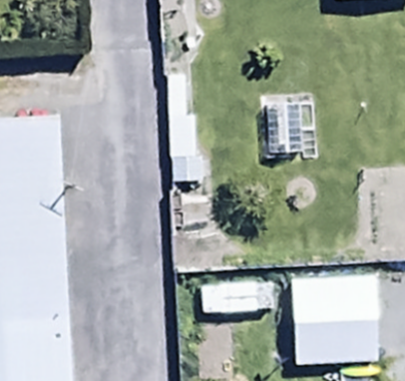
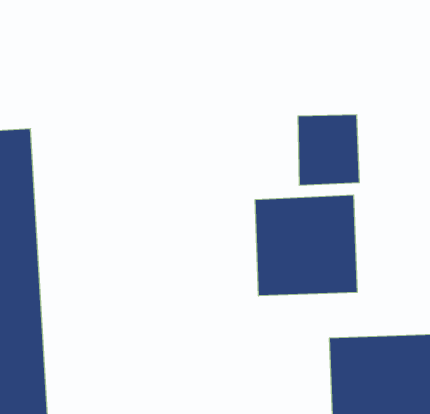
building: none -> [255,195,357,296]

